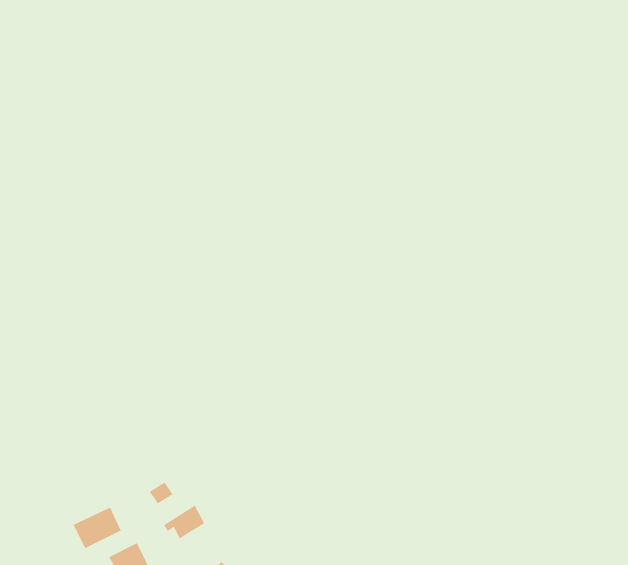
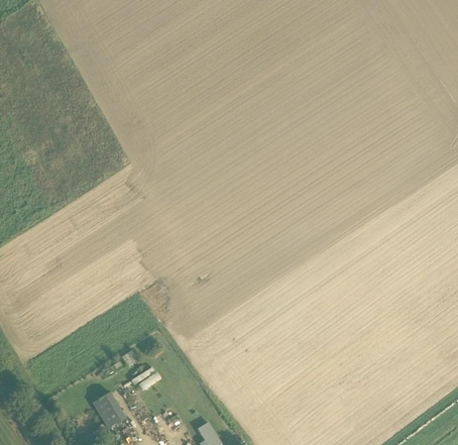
building: [72,507,122,549] -> none

